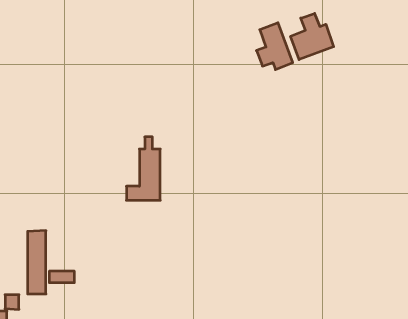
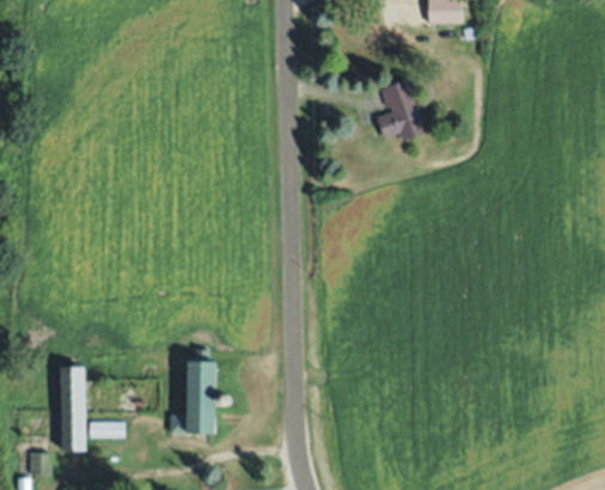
building: [291,13,334,60] -> none
building: [126,137,160,200] -> [171,347,218,434]

